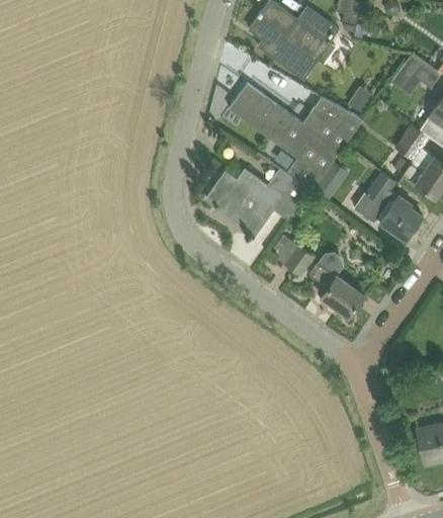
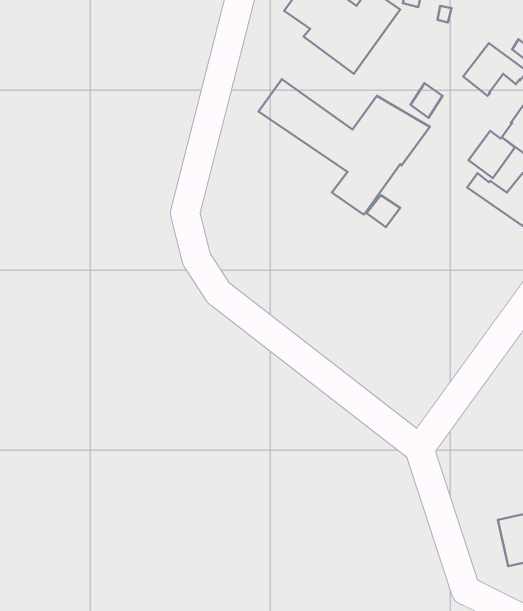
building: [206,168,309,235] -> none
building: [355,172,423,240] -> none
building: [275,239,314,276] -> none
building: [308,252,364,318] -> none

